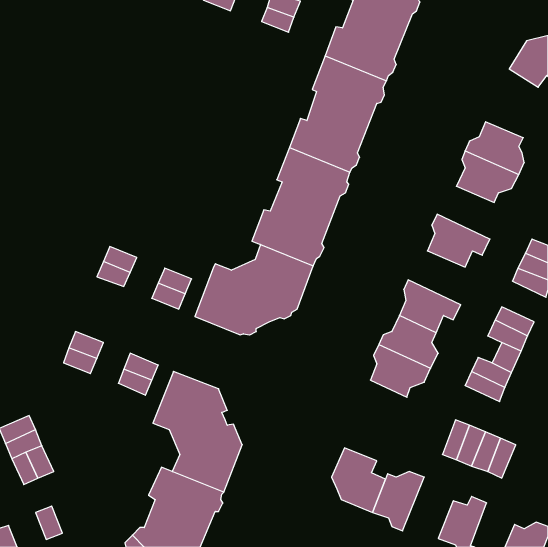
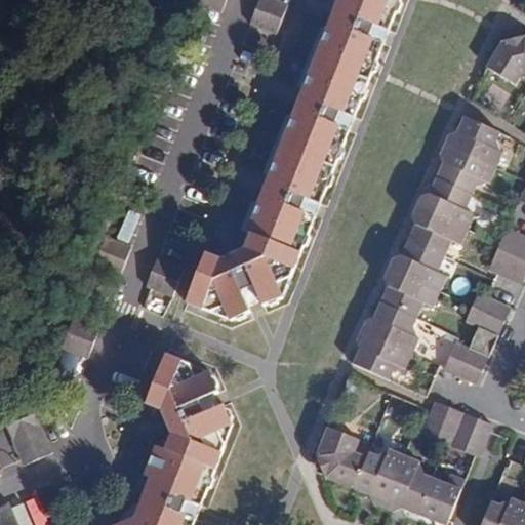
building: none -> [416,177,474,228]
building: none -> [389,239,445,290]
building: none -> [383,454,432,513]

